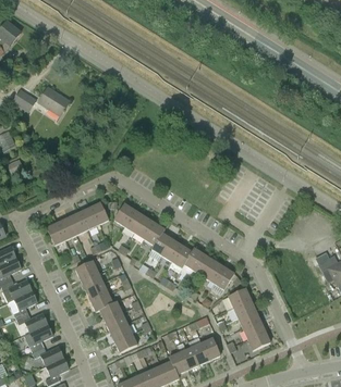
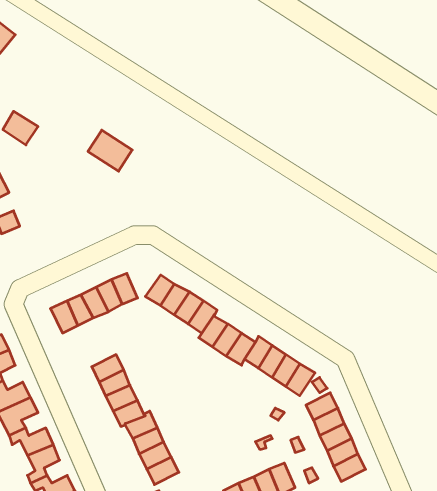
building: [38,87,70,116] -> [88,130,132,171]

